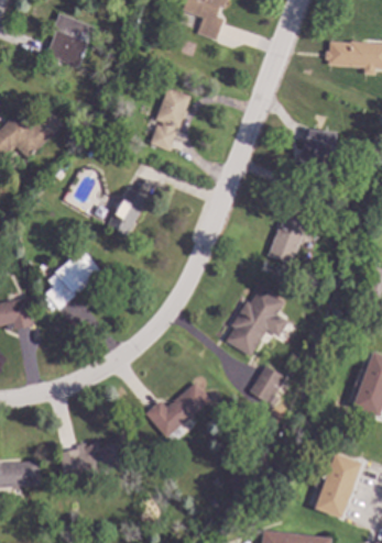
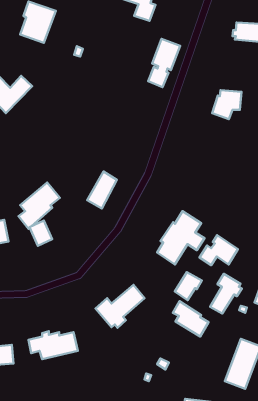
building: [149,88,190,151] -> [148,39,180,87]
building: [108,188,146,236] -> [87,171,117,209]
building: [266,210,308,265] -> none
building: none -> [200,235,238,265]
building: none -> [210,274,242,314]
building: none -> [173,301,209,336]

